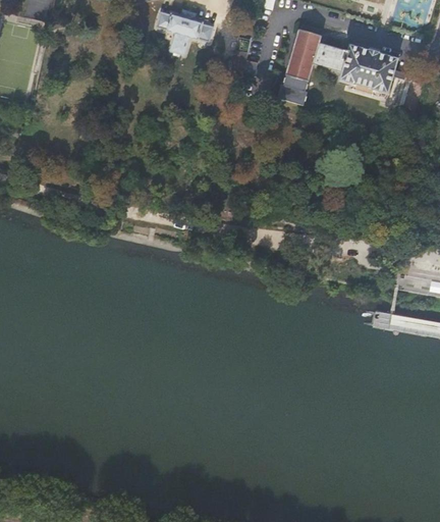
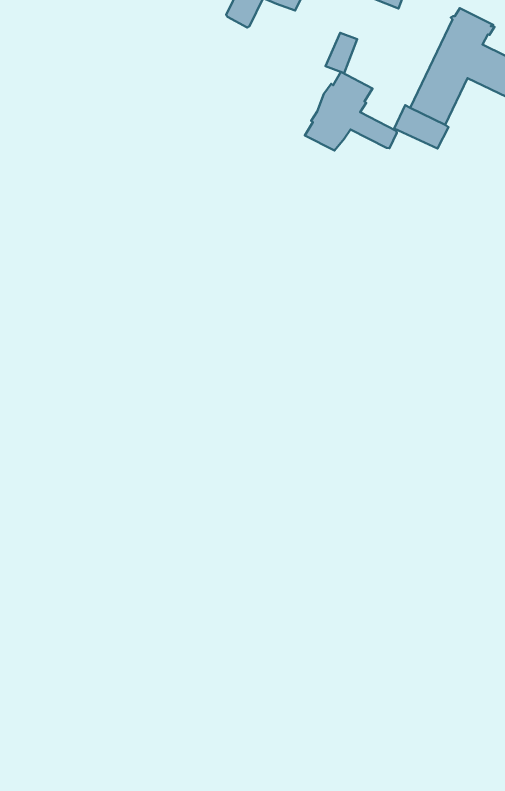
building: none -> [305,72,397,151]

